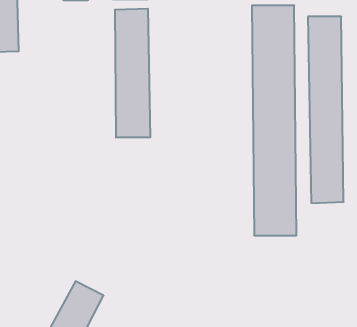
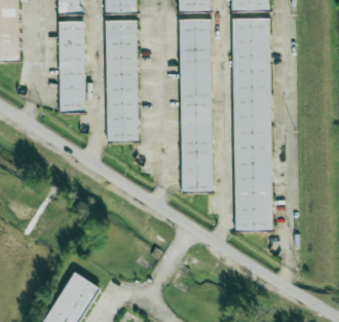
building: none -> [59,20,85,110]
building: [308,17,344,203] -> [180,19,213,190]

